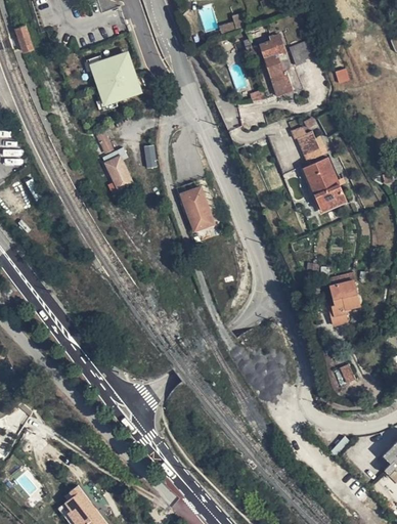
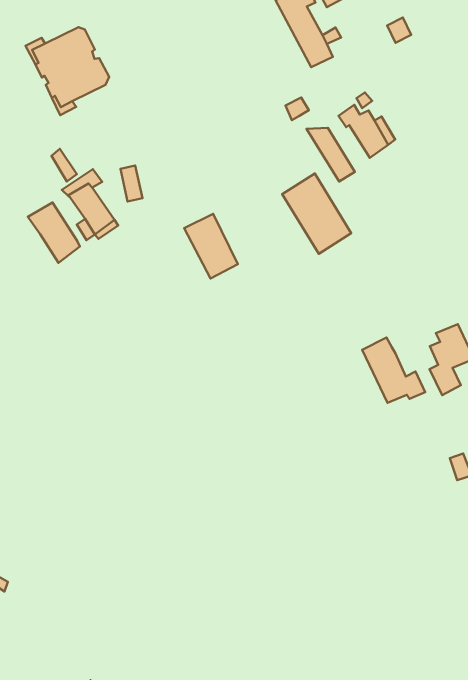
building: [306,158,349,212] -> [282,173,351,254]
building: none -> [28,202,80,263]
building: none -> [362,337,425,403]

